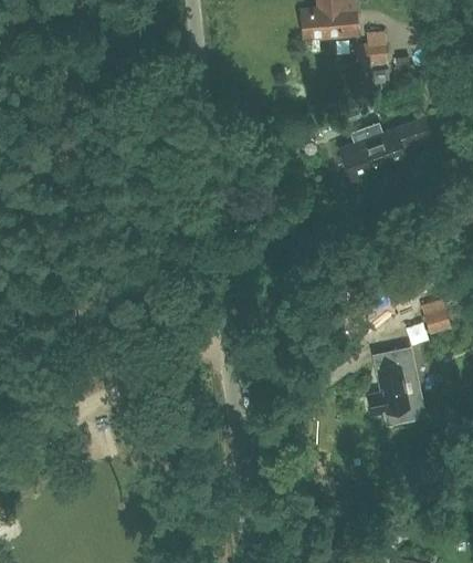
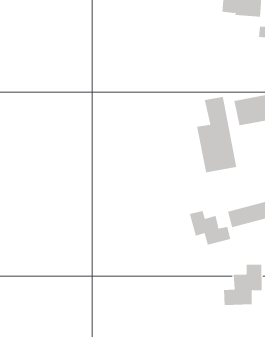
building: none -> [196,96,237,173]
building: none -> [189,210,231,245]

